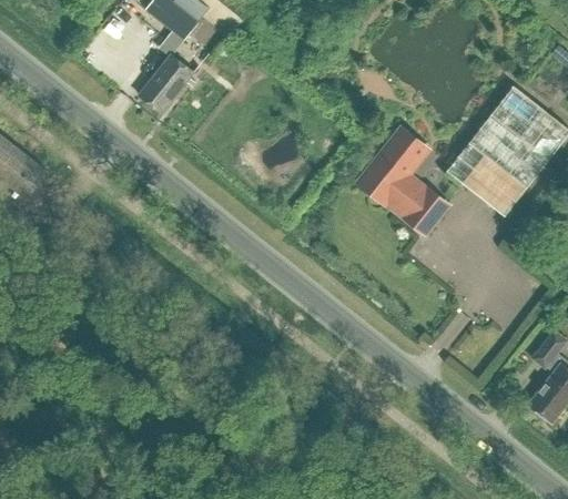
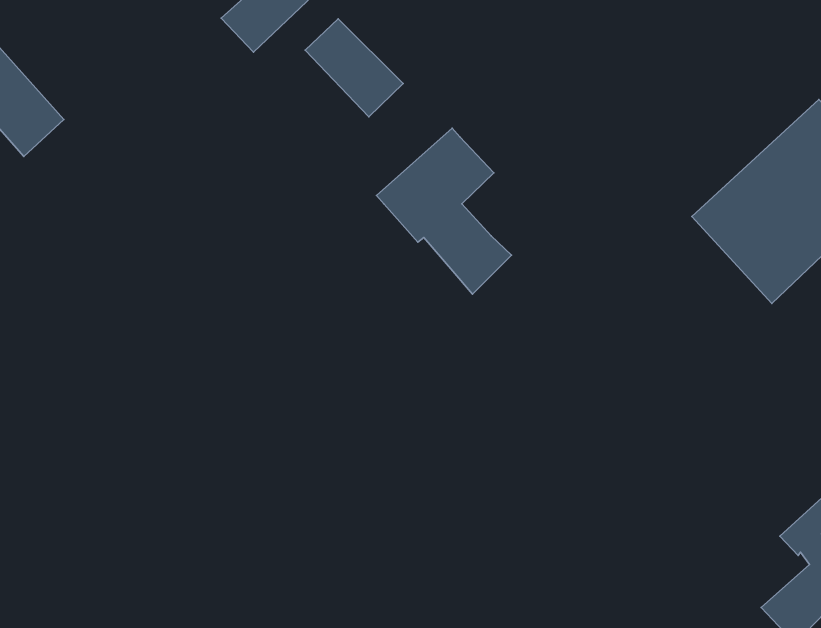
building: none -> [305,19,403,117]
building: [358,132,447,232] -> [376,128,511,294]

